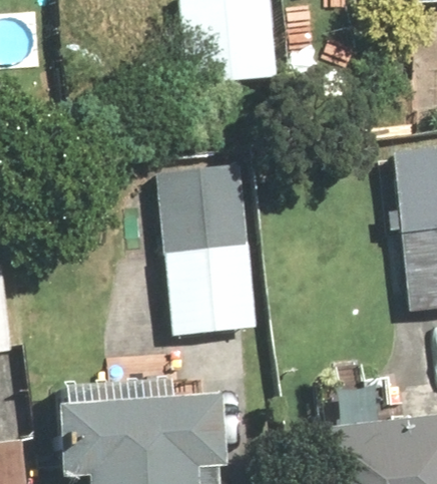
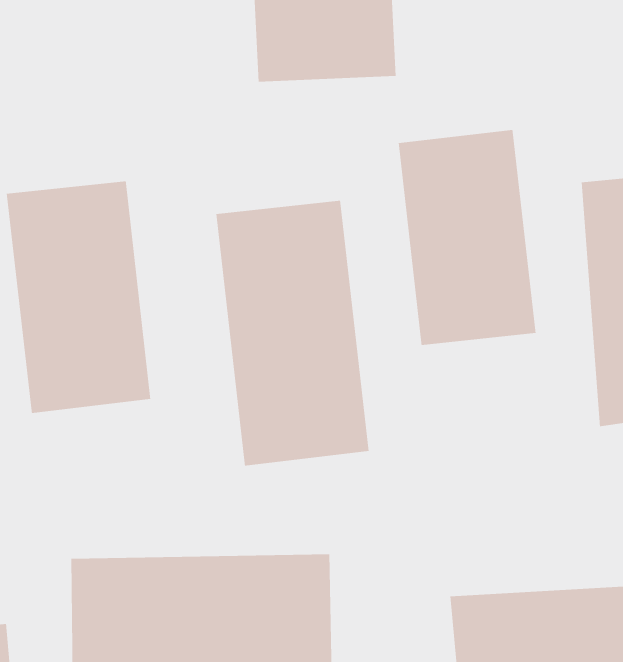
building: none -> [398,129,536,346]
building: none -> [6,180,151,414]

